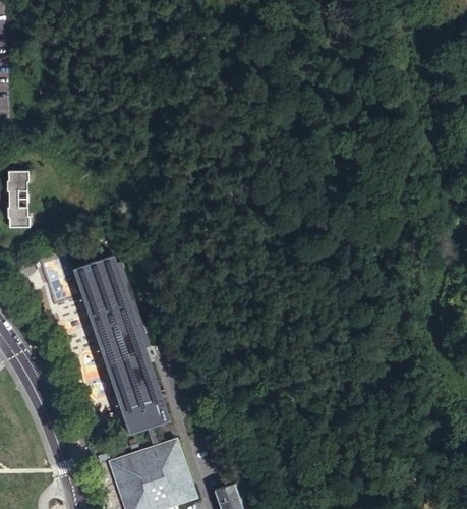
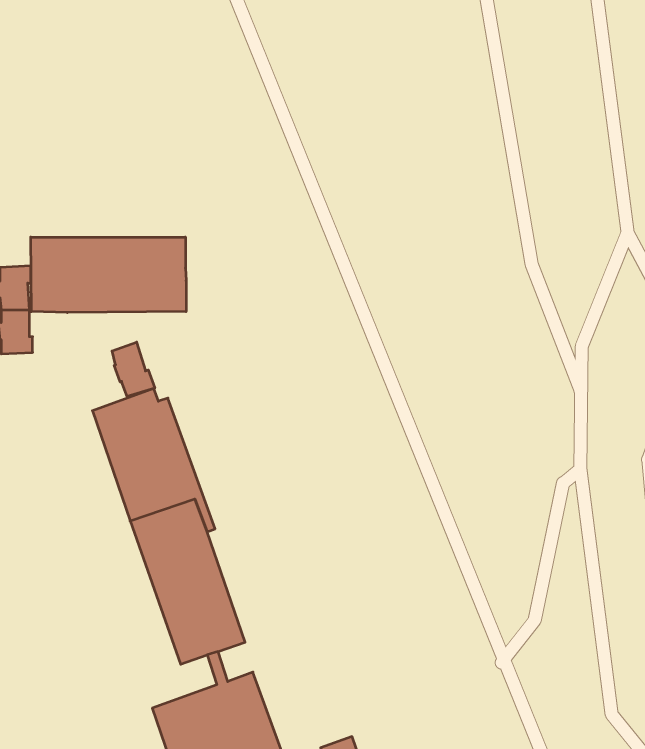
building: none -> [31,237,186,313]
building: none -> [112,342,155,396]

